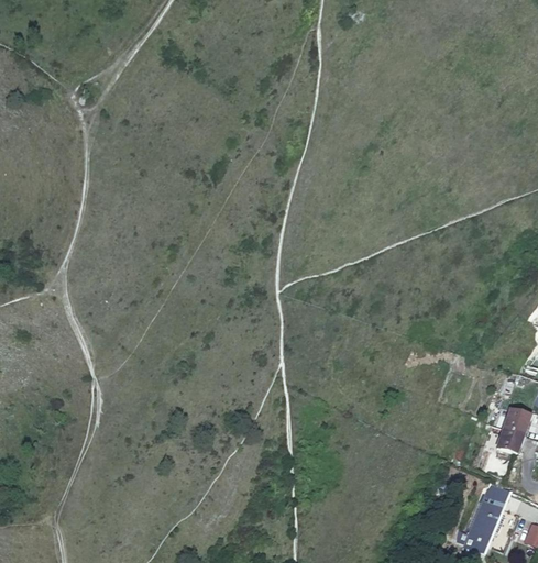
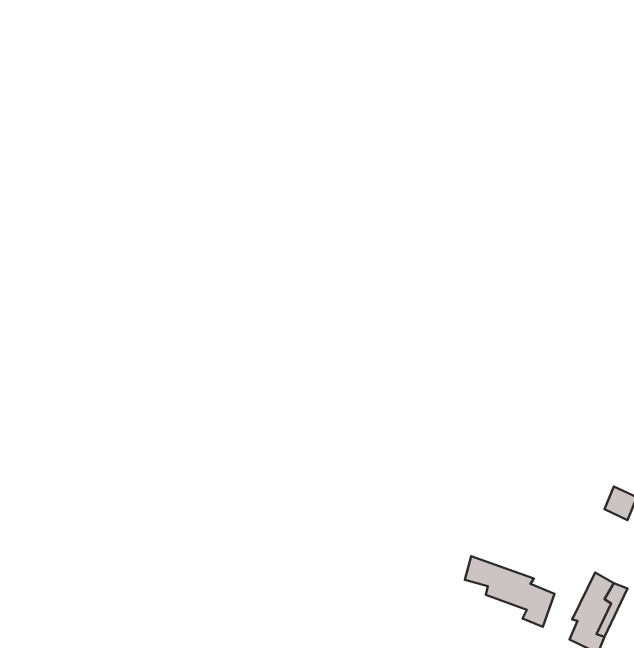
building: [492,428,518,456] -> none
building: none -> [465,556,555,627]

